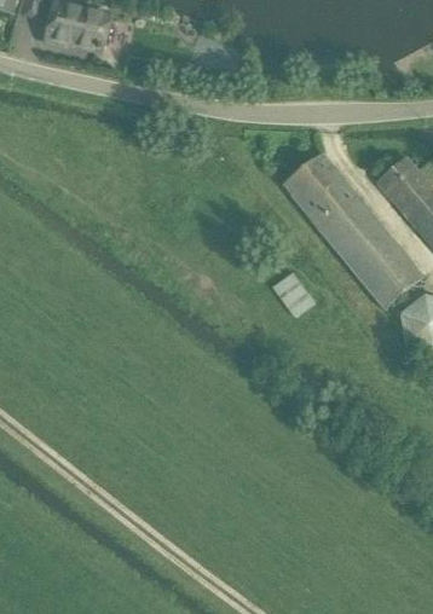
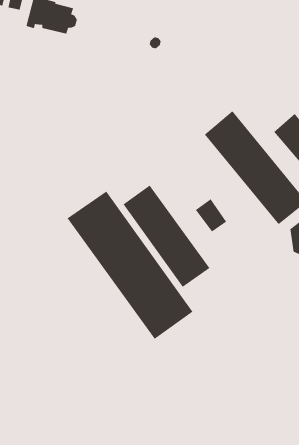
building: none -> [122,184,210,288]
building: none -> [66,190,193,340]

